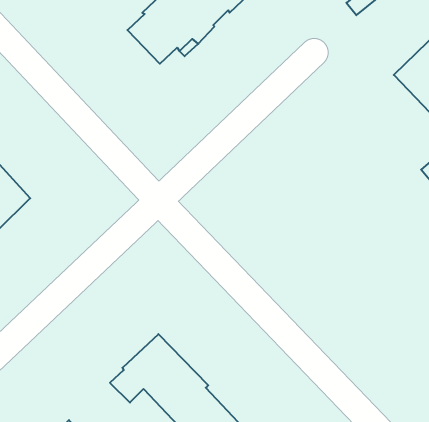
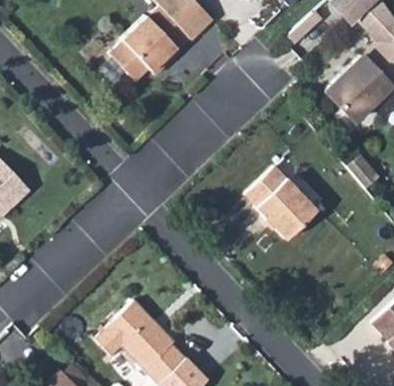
building: none -> [245,167,317,240]

